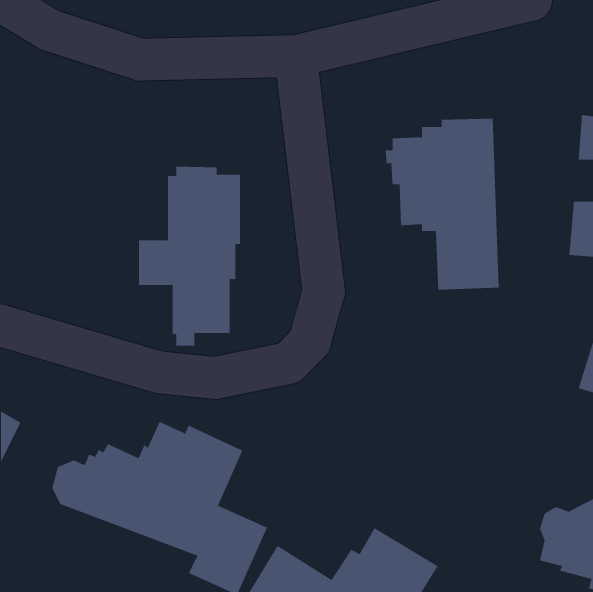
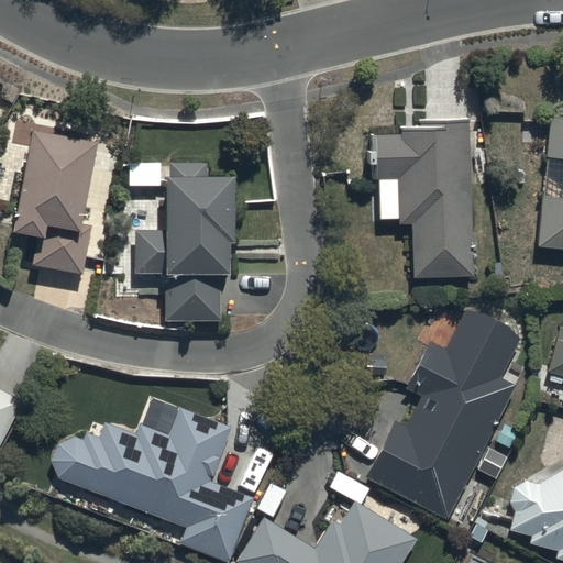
building: none -> [10,124,92,274]
building: none -> [366,310,522,519]

